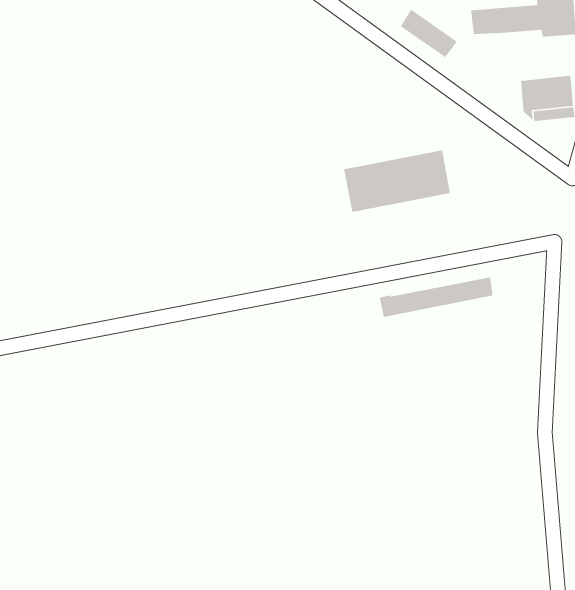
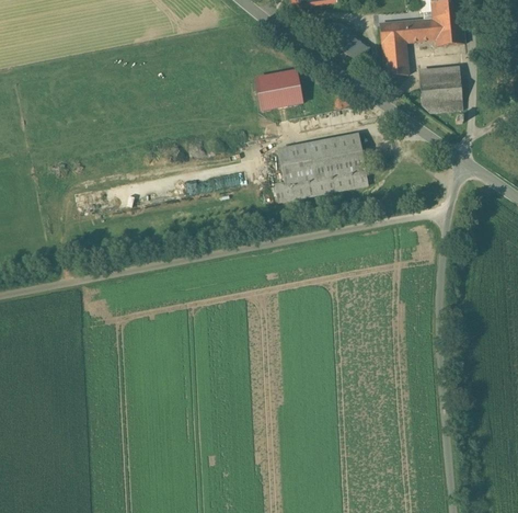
building: none -> [382,41,408,75]
building: none -> [254,68,303,110]
building: [379,277,494,318] -> [276,168,367,201]

